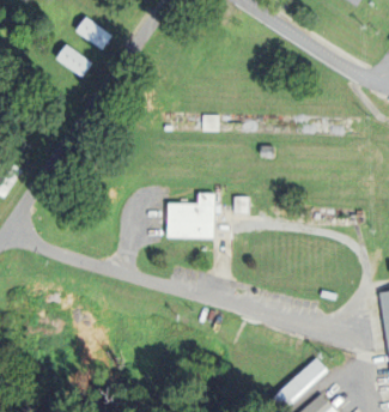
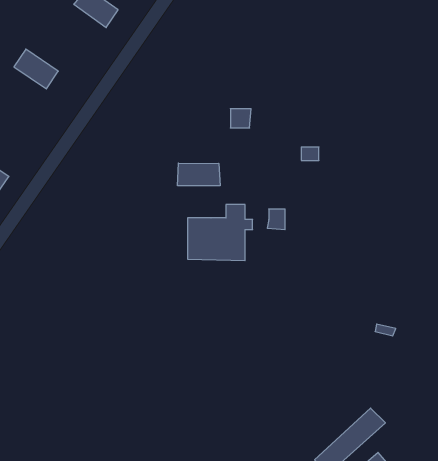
building: [56,44,92,77] -> [14,49,58,89]
building: none -> [178,163,220,186]

